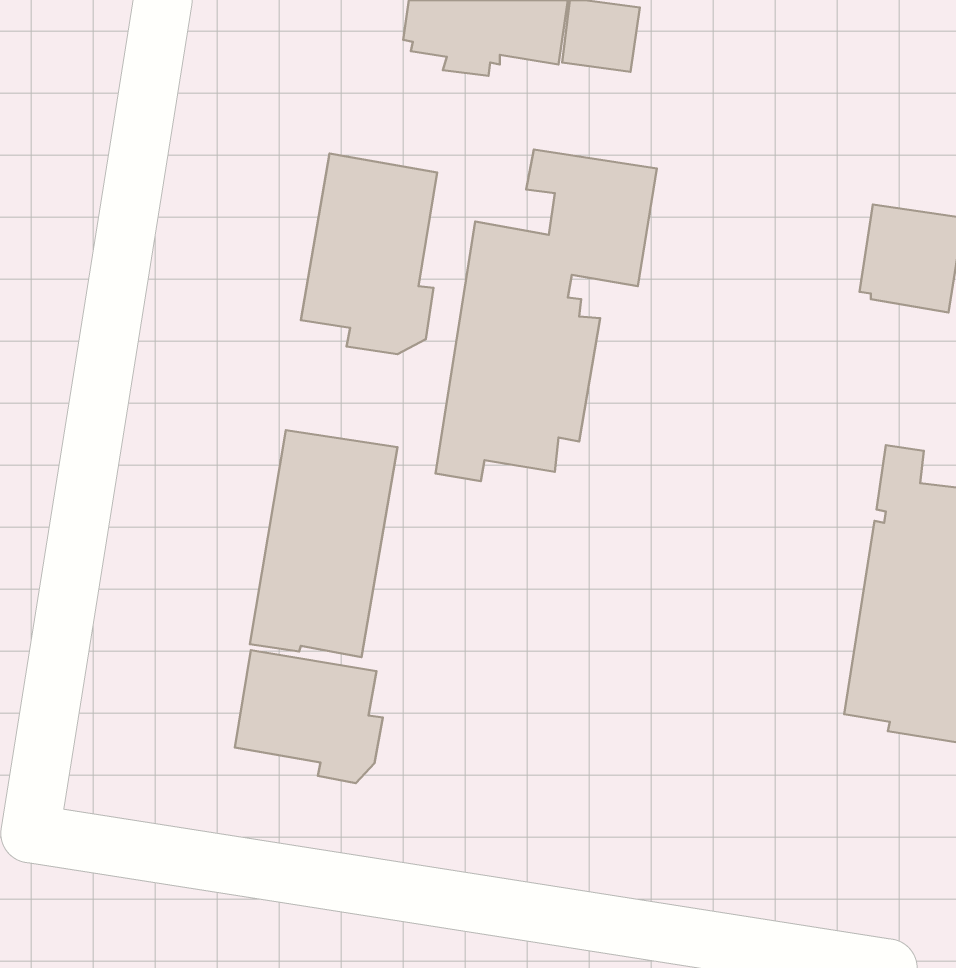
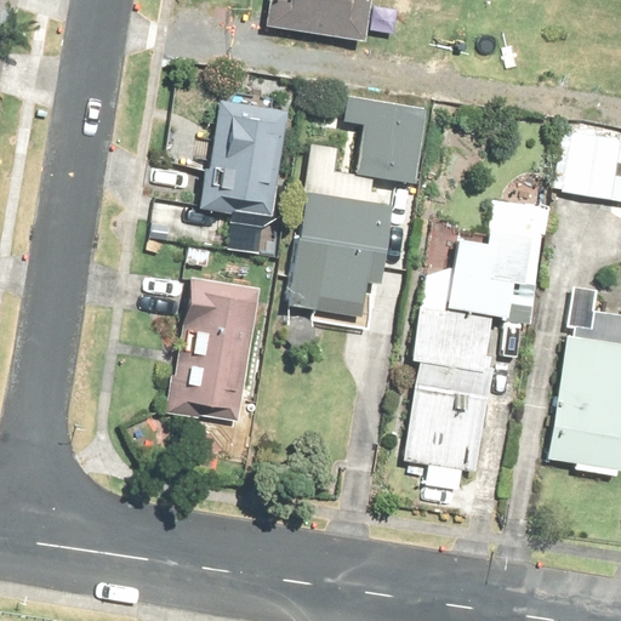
building: none -> [404,200,552,490]
building: [235,650,383,783] -> none

